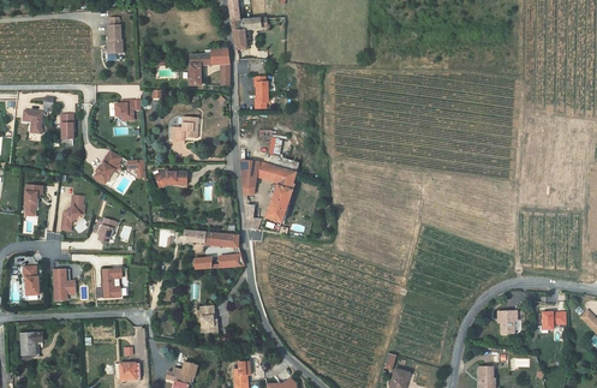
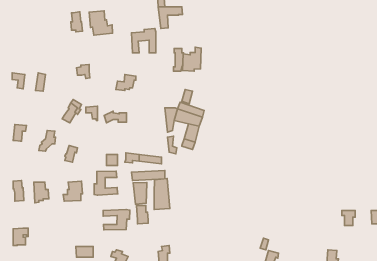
building: none -> [89,11,113,35]
building: none -> [183,47,201,71]
building: none -> [94,171,118,195]
building: none -> [154,179,170,209]
building: none -> [133,182,147,204]
building: none -> [103,210,130,230]

